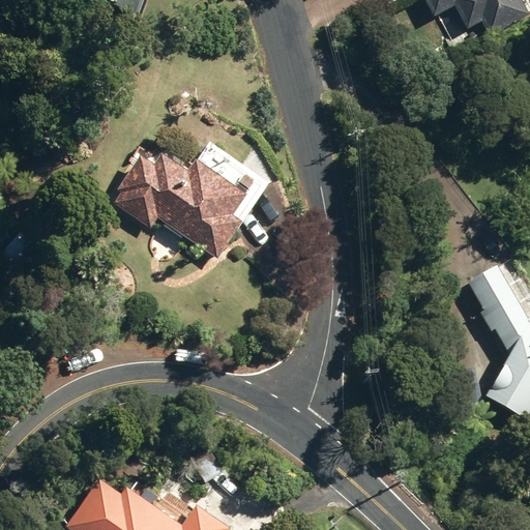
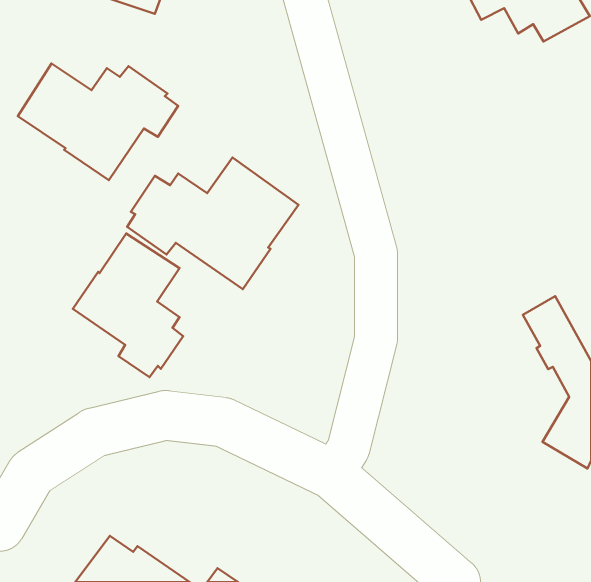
building: none -> [18,63,178,180]
building: none -> [73,234,183,377]

